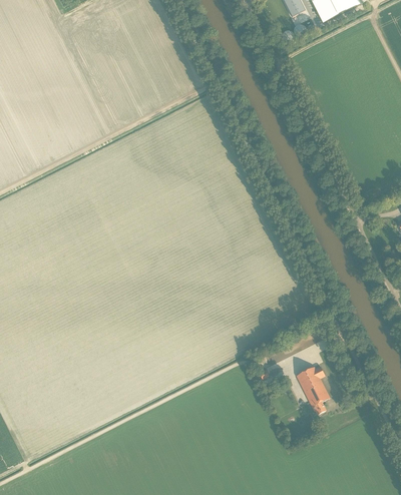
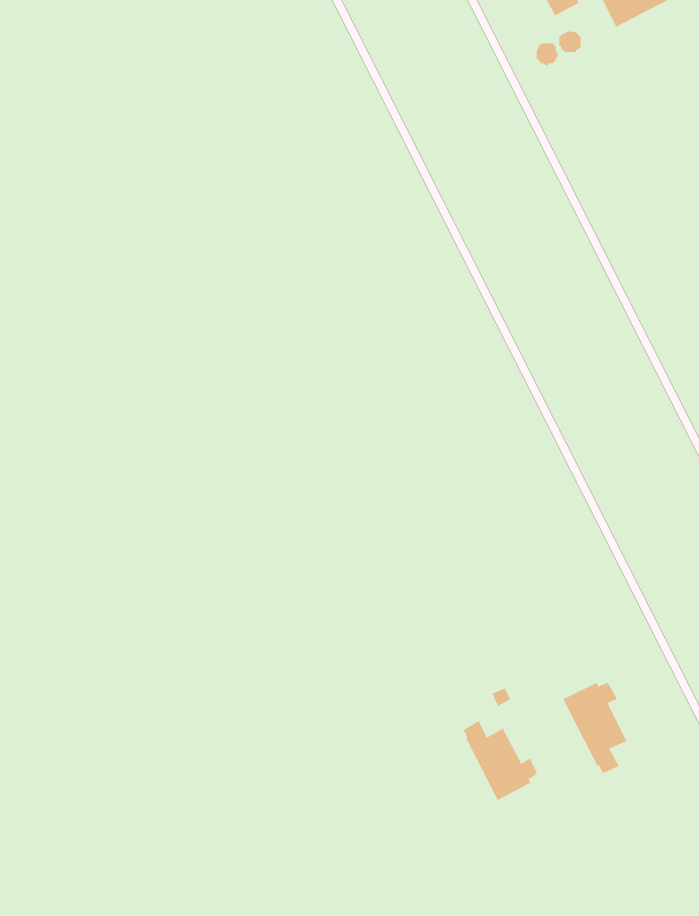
building: none -> [463,720,538,801]

